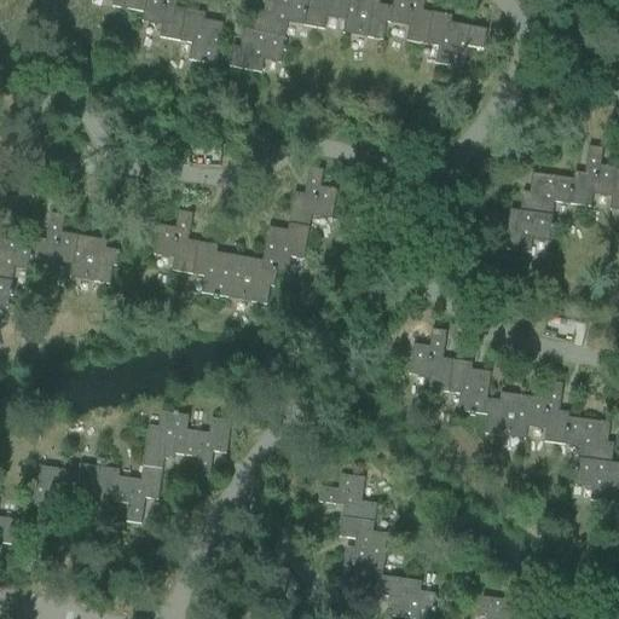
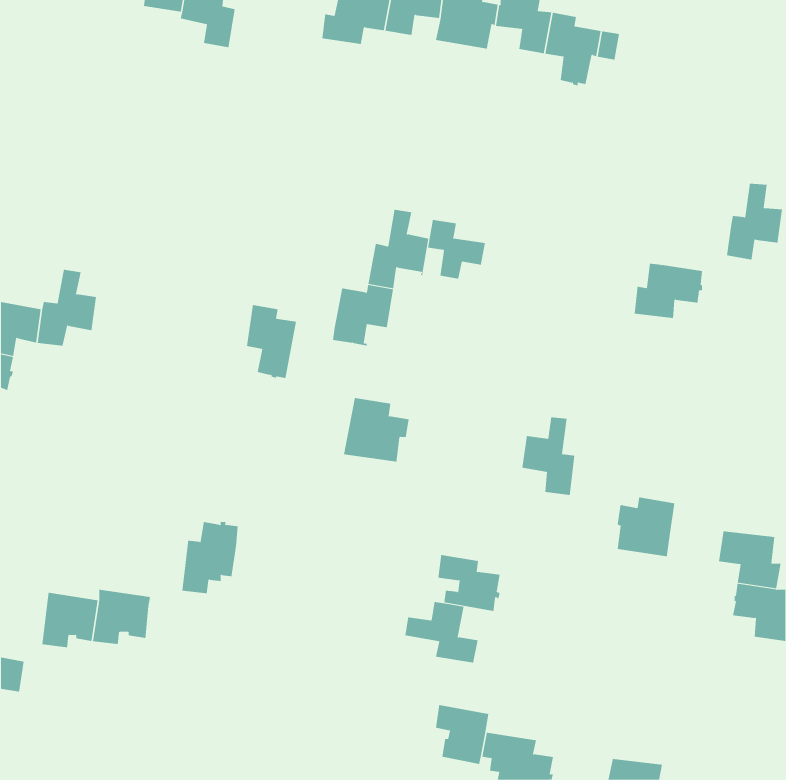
building: [180,7,222,63] -> none
building: [227,29,284,74] -> none
building: [520,170,574,213] -> none
building: none -> [428,219,486,279]
building: [154,208,198,272] -> none
building: [69,233,121,284] -> none
building: [225,253,277,303] -> [343,397,409,462]
building: [449,358,491,412] -> none
building: [527,380,569,441] -> none
building: [183,416,231,475] -> none
building: [115,464,163,523] -> none
building: [340,516,389,561] -> [437,555,500,612]

